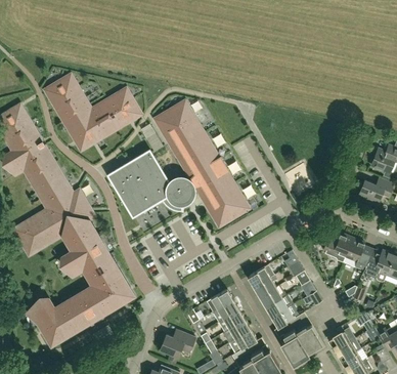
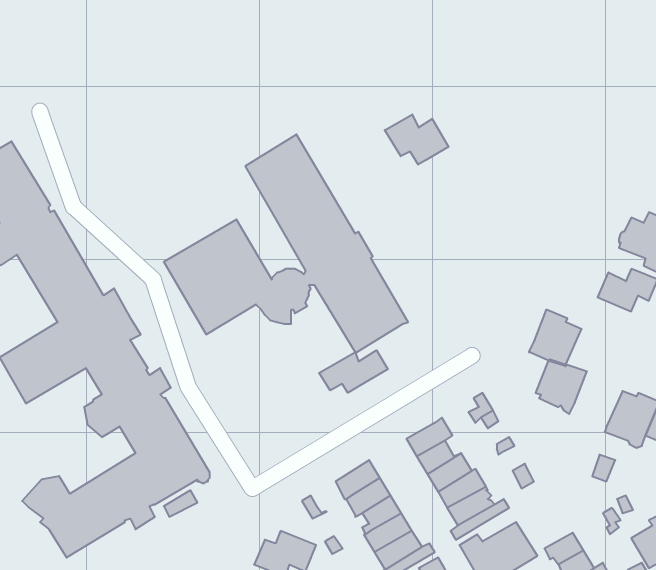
building: [47,77,132,148] -> none
building: none -> [385,114,449,165]
building: none -> [319,350,388,393]
building: [343,238,373,269] -> [529,310,582,365]

